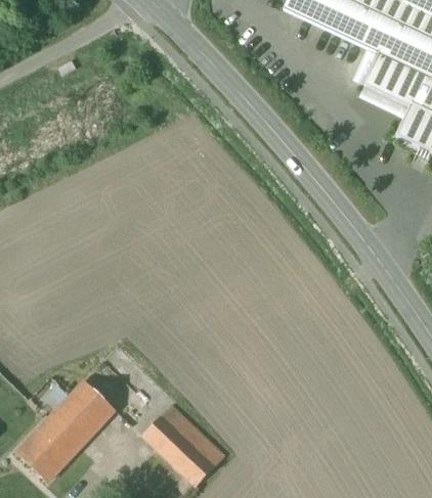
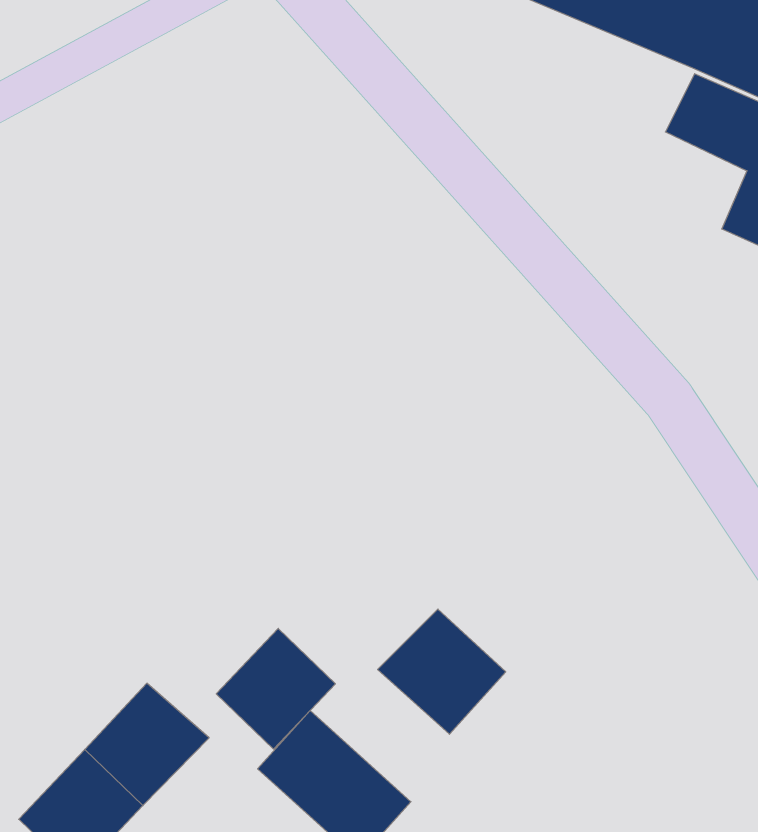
building: none -> [378,609,506,734]
building: none -> [216,628,335,749]

